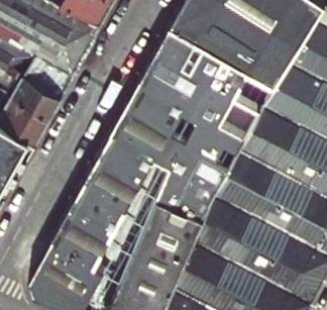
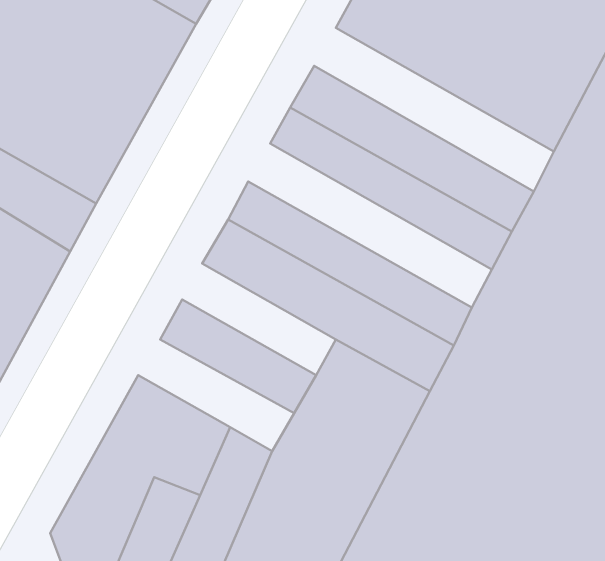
building: [159,27,281,110] -> none
building: [126,86,249,169] -> none
building: [93,146,171,203] -> none
building: [71,185,149,241] -> none

